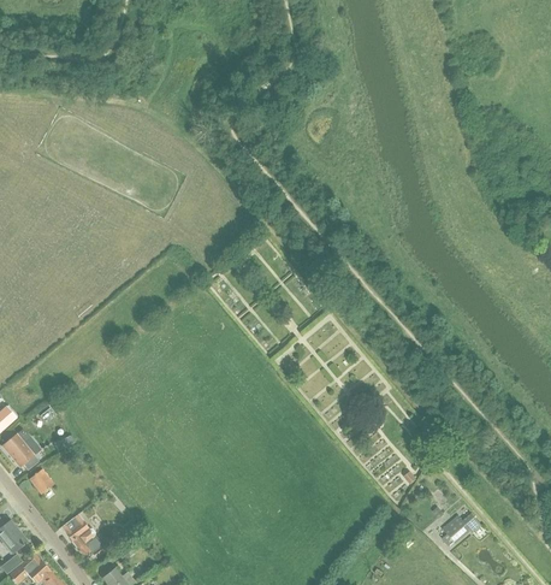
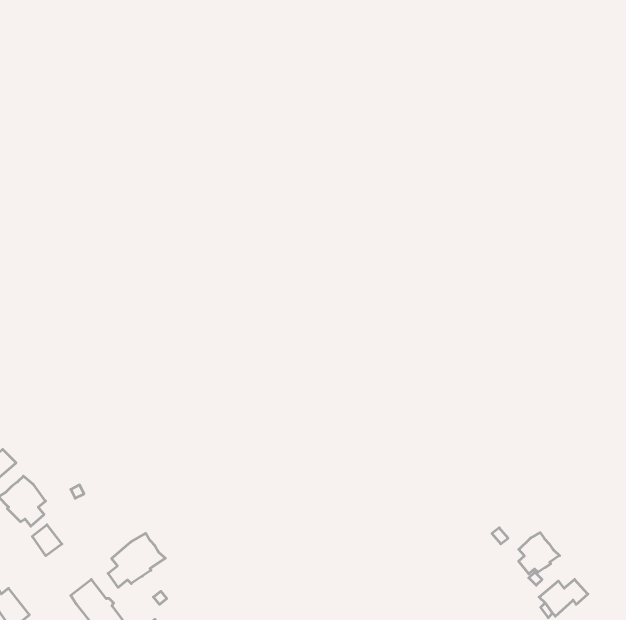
building: none -> [519,533,560,574]
building: none -> [108,533,165,587]

